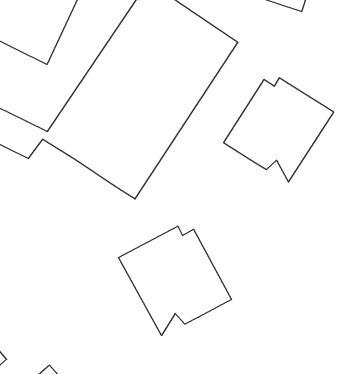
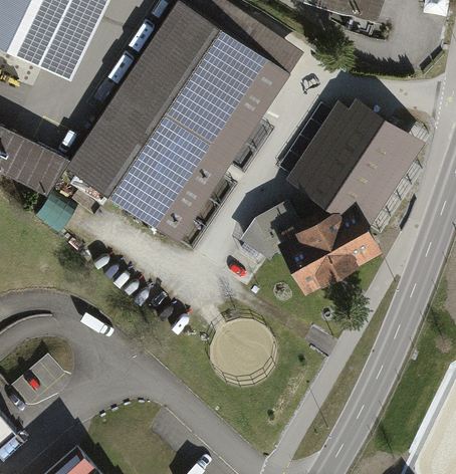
building: none -> [245,198,373,286]
building: [119,226,231,335] -> none

